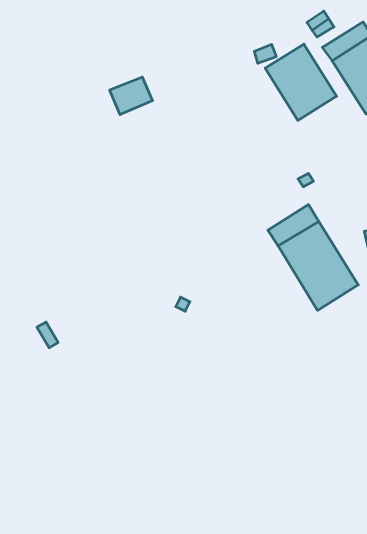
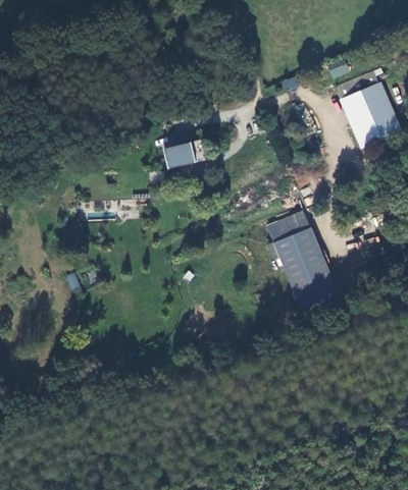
building: [265,44,337,120] -> none
building: [110,77,153,115] -> [161,142,195,169]

